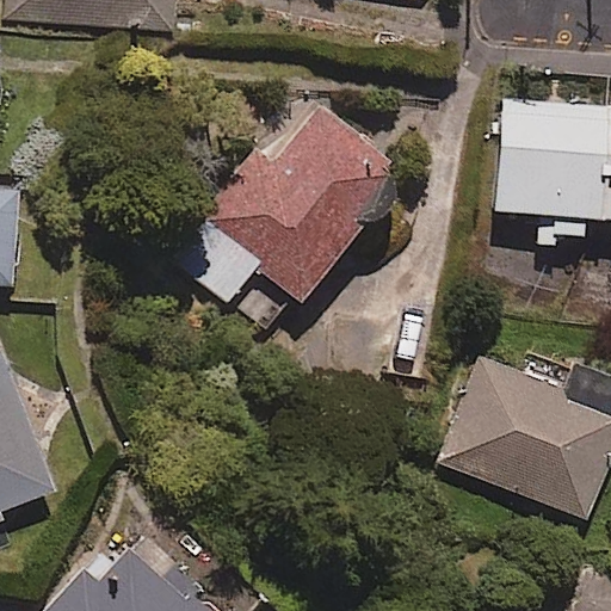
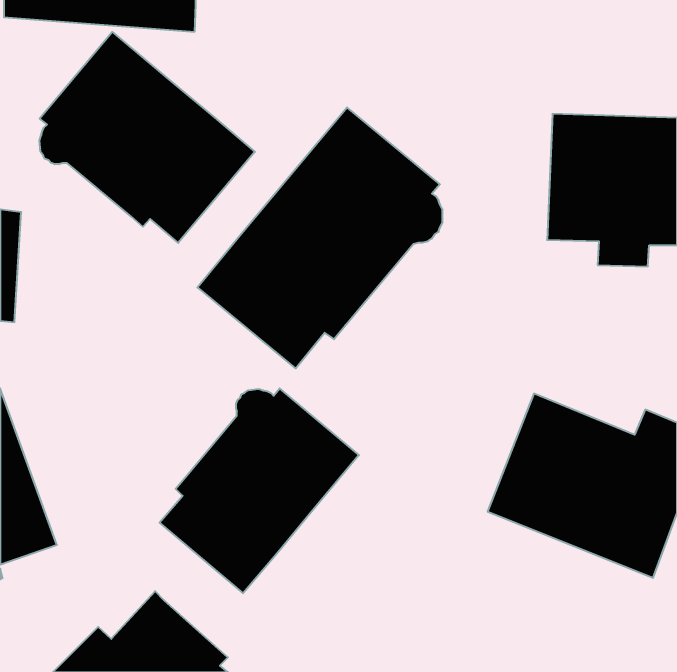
building: none -> [39,32,255,243]
building: none -> [160,388,359,593]

